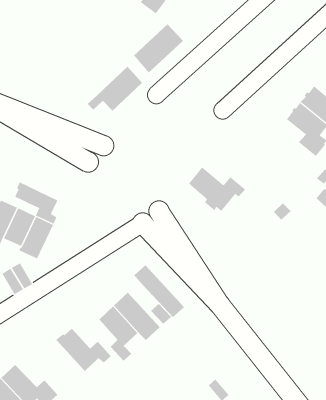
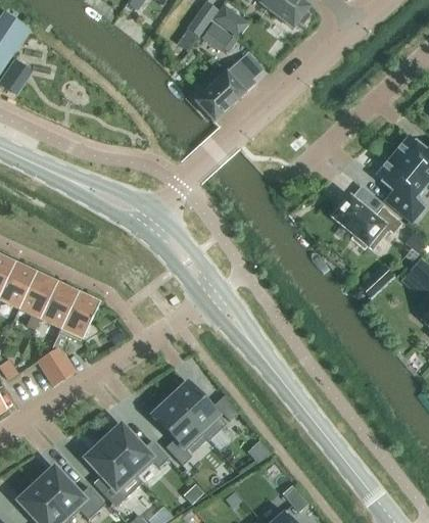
building: [87,66,143,112] -> none
building: [188,166,246,212] -> [332,195,400,249]
building: [15,182,58,224] -> none
building: [133,264,185,318] -> none
building: none -> [85,438,142,498]

